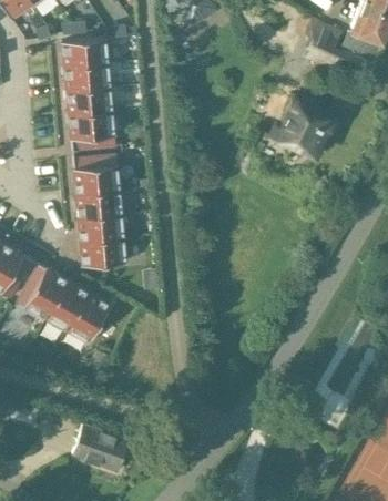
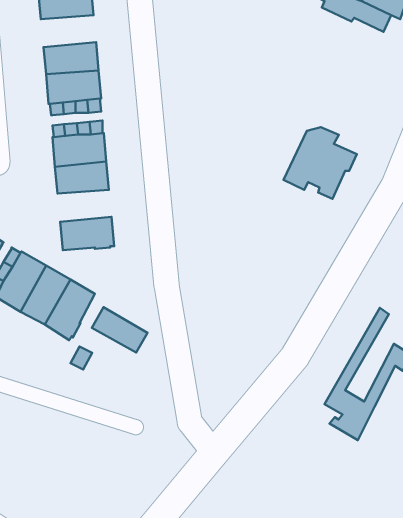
building: [63,63,111,91] -> none
building: [273,91,336,153] -> [284,127,357,199]
building: [78,214,124,242] -> none
building: none -> [92,307,147,352]
building: [72,425,129,471] -> none

